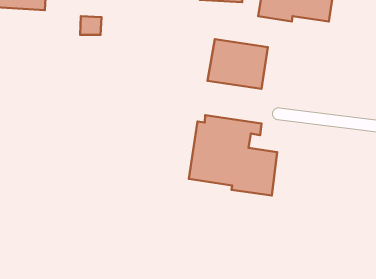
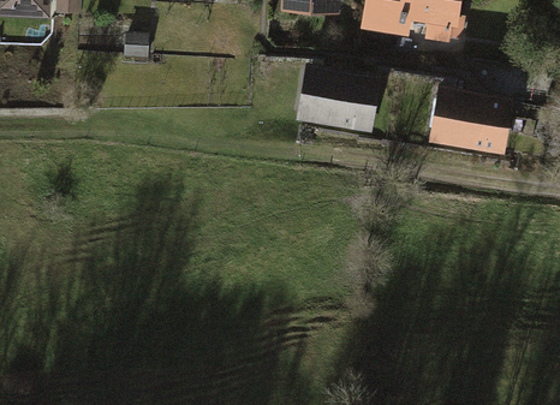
building: none -> [423,82,508,153]
building: [189,115,277,196] -> none

